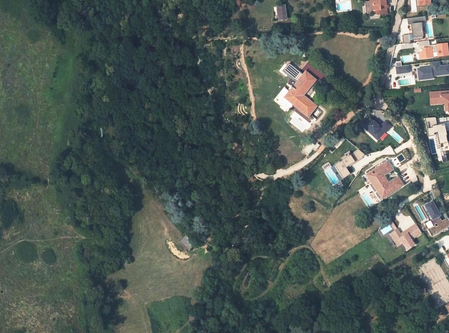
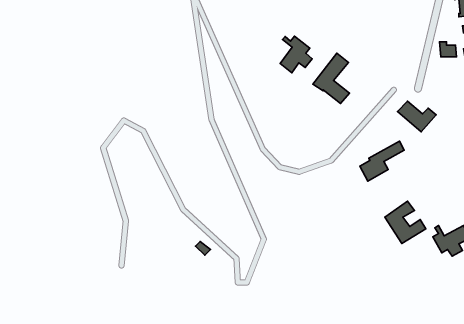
building: none -> [280,36,312,73]
building: [367,161,403,198] -> [385,201,426,243]

